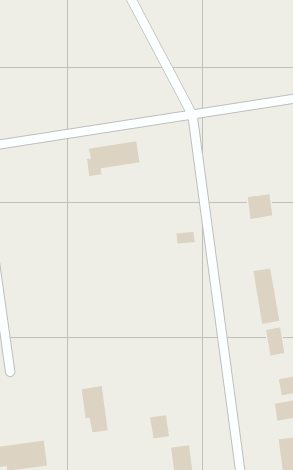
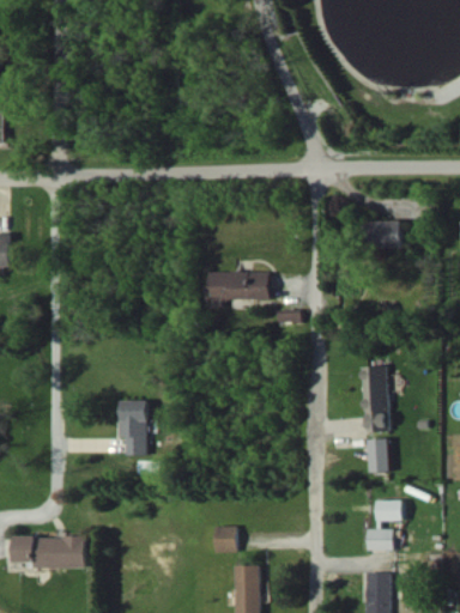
building: [86,141,141,176] -> [205,272,270,306]
building: [247,194,273,219] -> [371,221,400,249]
building: [81,385,108,433] -> [120,400,146,455]

